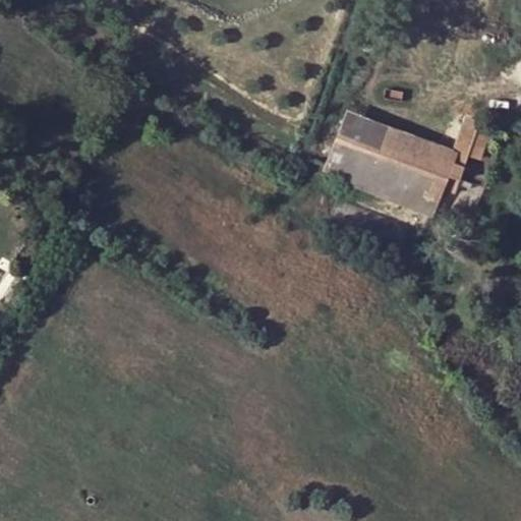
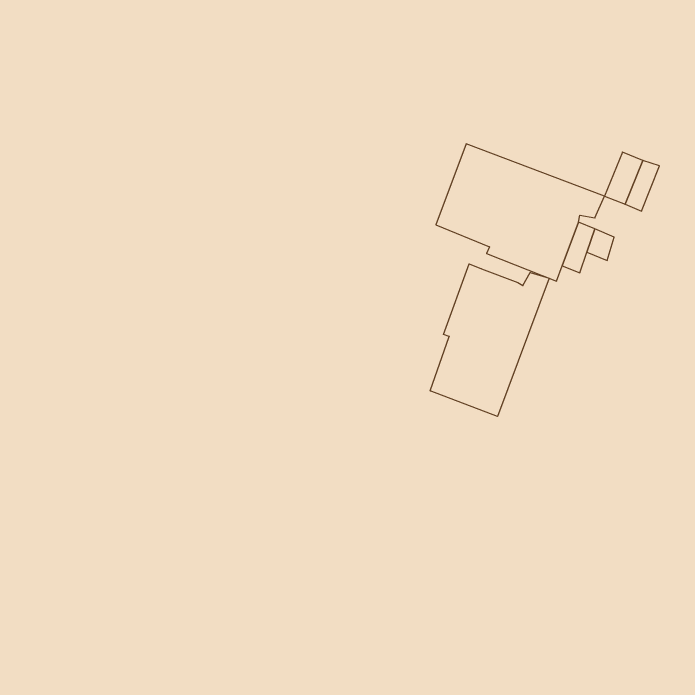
building: none -> [430,264,549,416]

